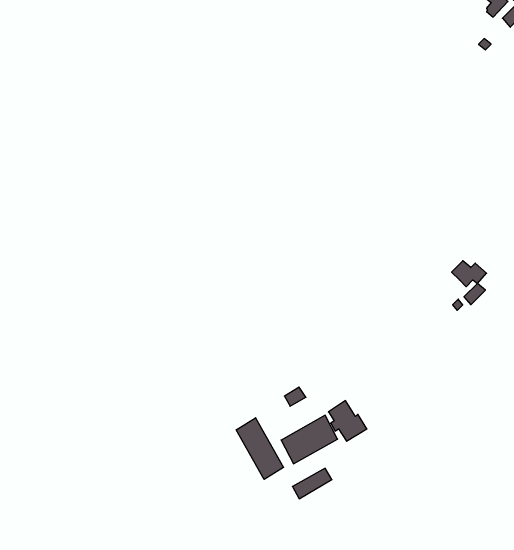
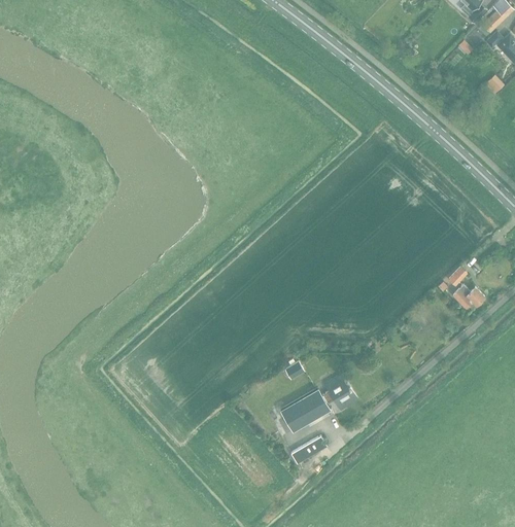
building: [452,261,487,287] -> [453,285,485,309]
building: [236,418,284,479] -> none

